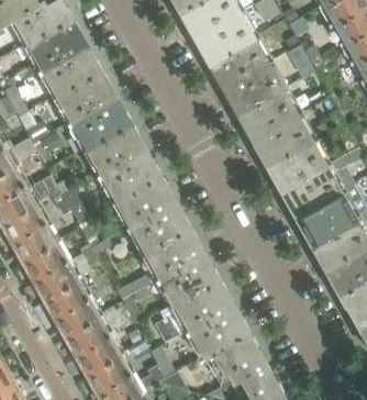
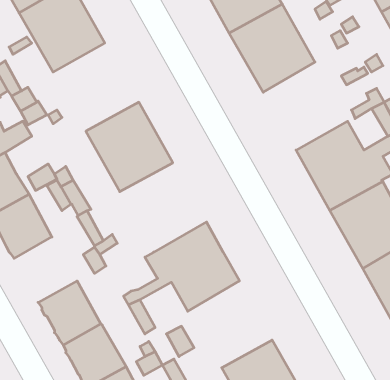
building: [55,71,130,148] -> none
building: [238,88,312,165] -> none
building: [113,176,189,254] -> none
building: [21,241,76,298] -> none
building: [173,279,246,356] -> none

